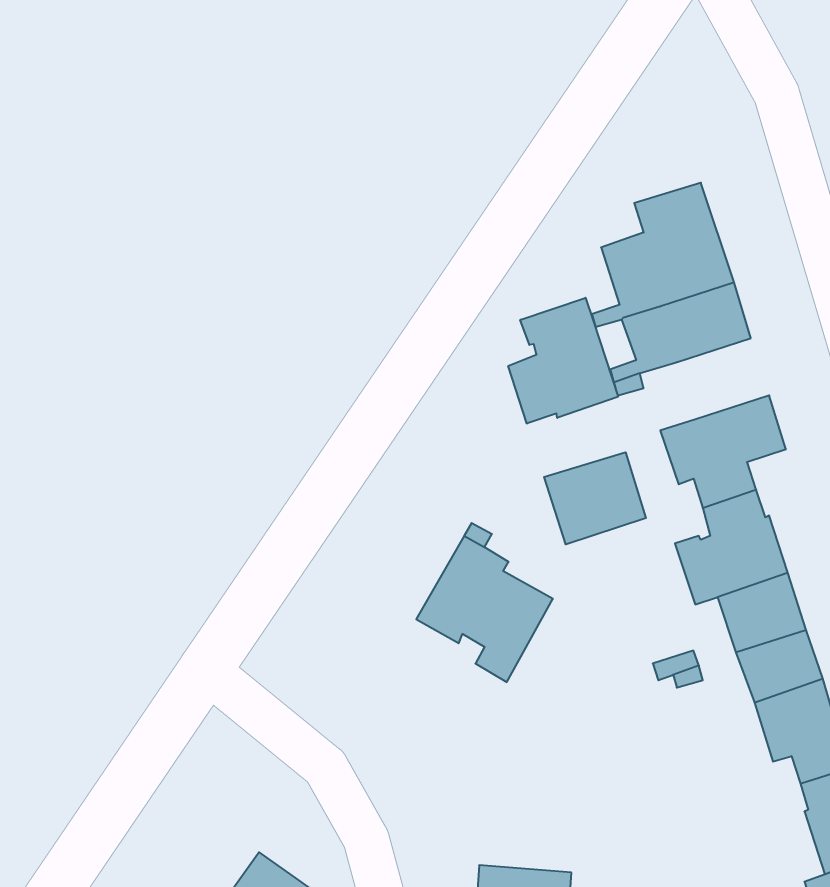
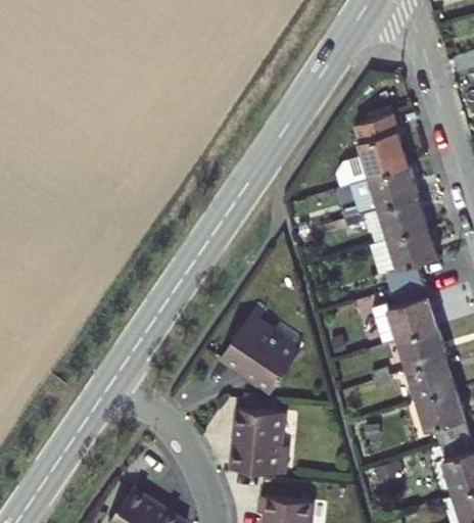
building: [508,298,618,424] -> none
building: none -> [375,203,426,248]
building: [544,452,646,544] -> none
building: none -> [233,407,288,470]

